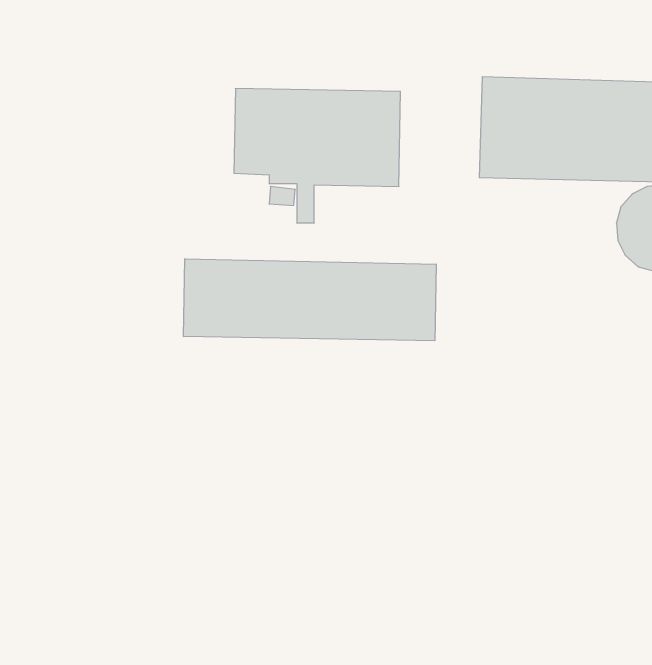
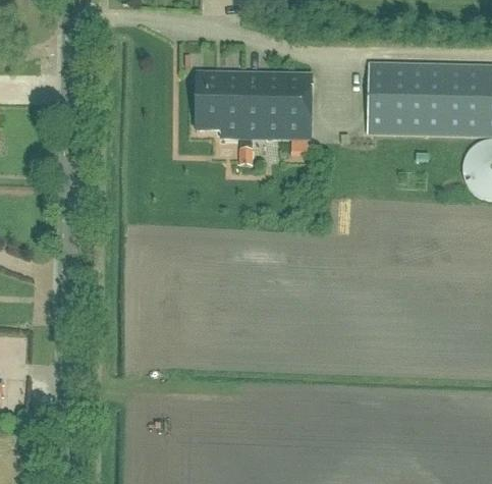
building: [184,259,436,341] -> none

